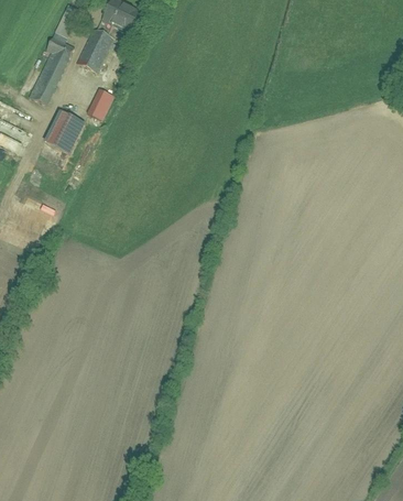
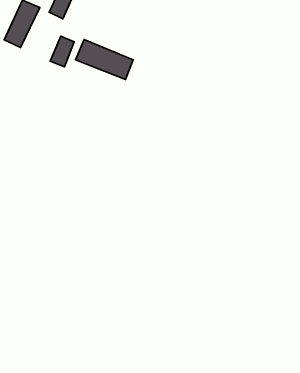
building: none -> [75,39,133,79]
building: [46,109,79,146] -> none

